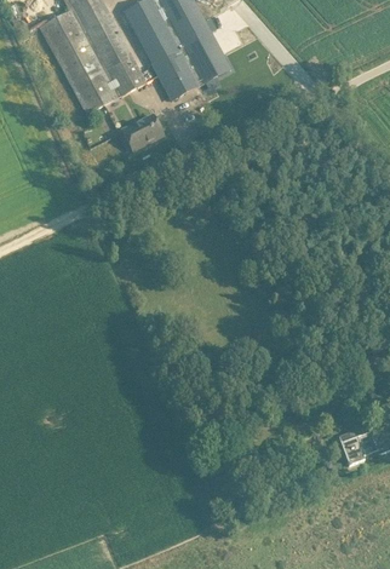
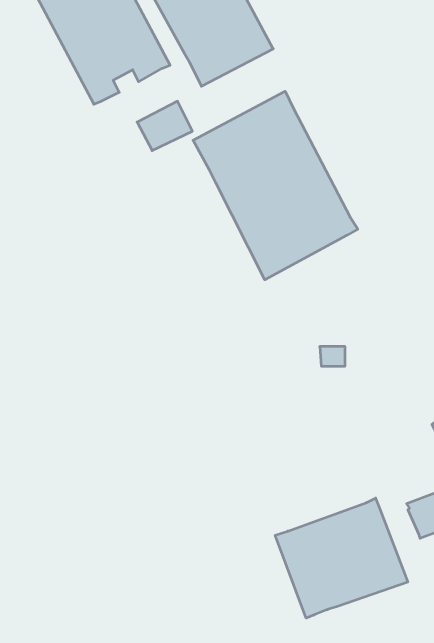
building: none -> [193,91,358,280]
building: none -> [275,498,408,618]

